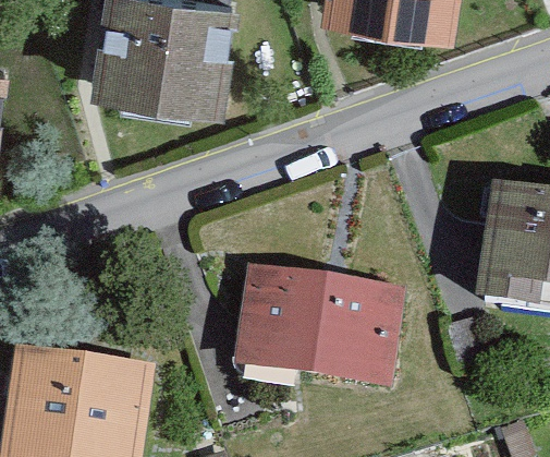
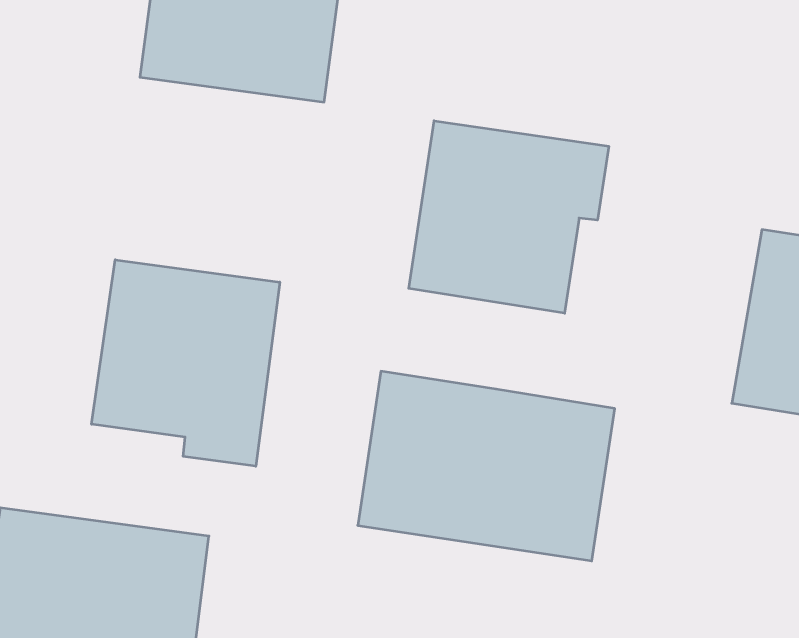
building: none -> [409,121,609,313]
building: none -> [92,260,280,466]

